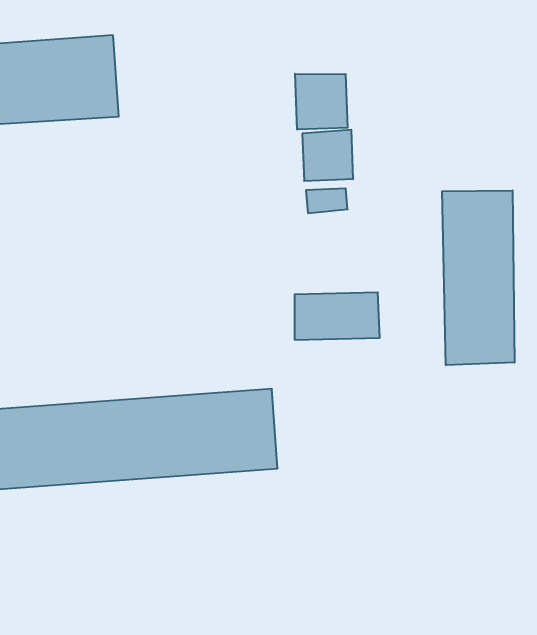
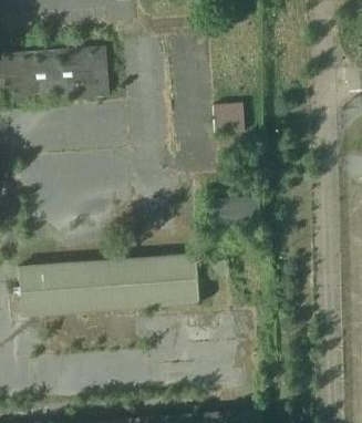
building: [295,74,348,130] -> none
building: [442,190,515,365] -> none

